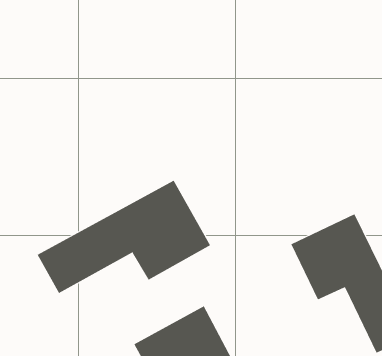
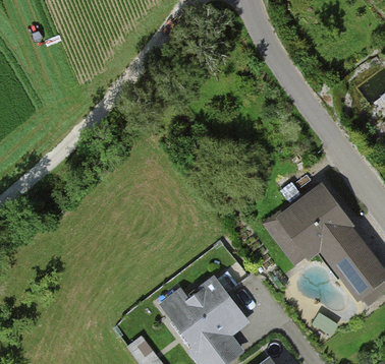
building: [37,180,211,294] -> none

